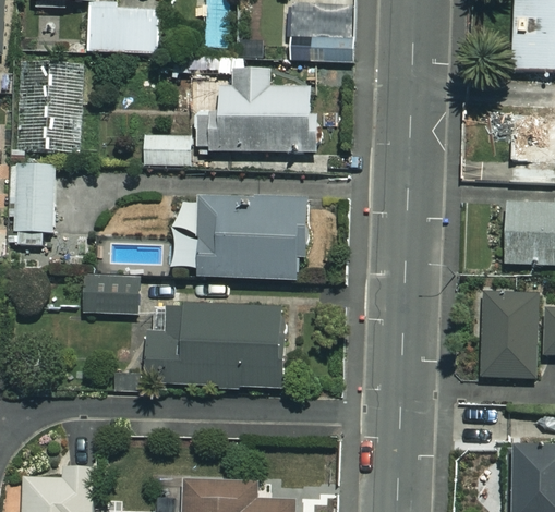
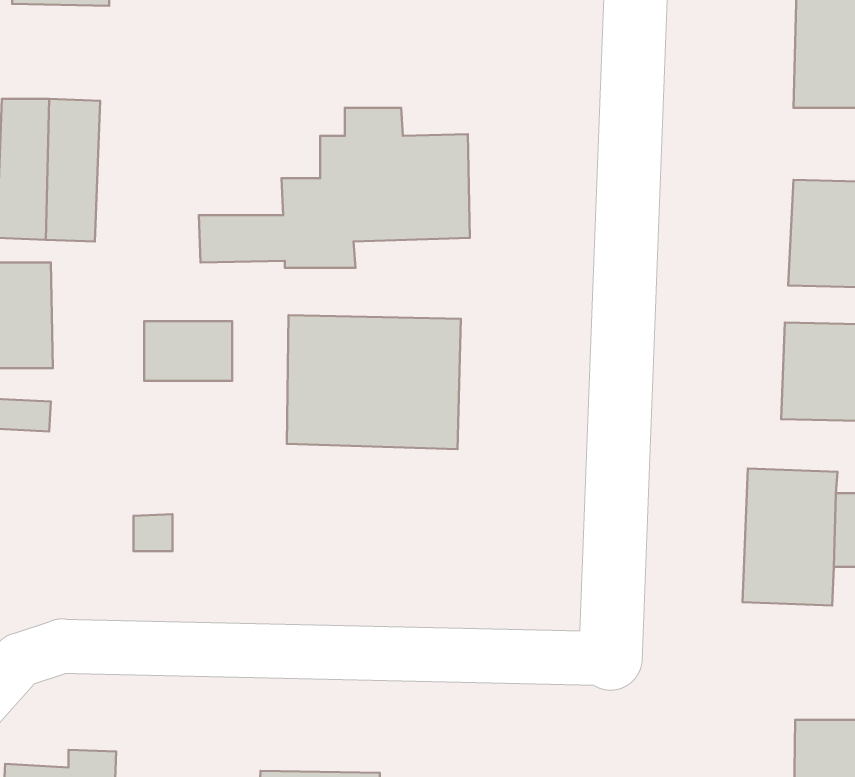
building: [88,7,159,52] -> none
building: [291,7,351,60] -> none
building: [84,275,138,312] -> [144,321,232,381]
building: [146,304,282,386] -> none

